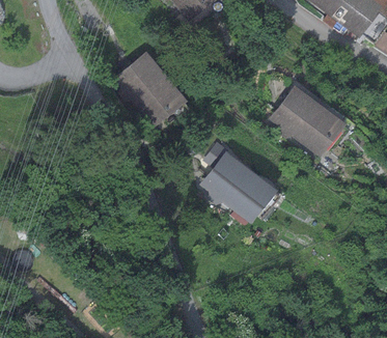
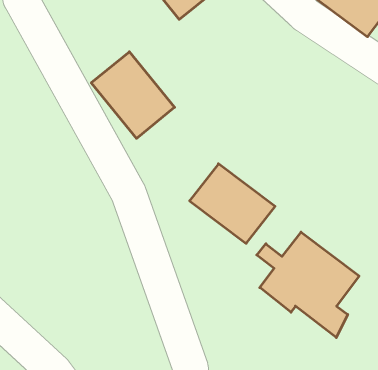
building: [269,85,347,159] -> none
building: none -> [257,232,359,338]

